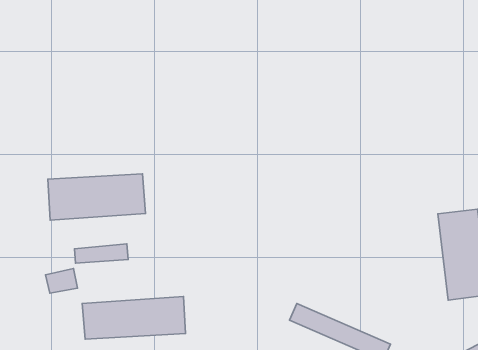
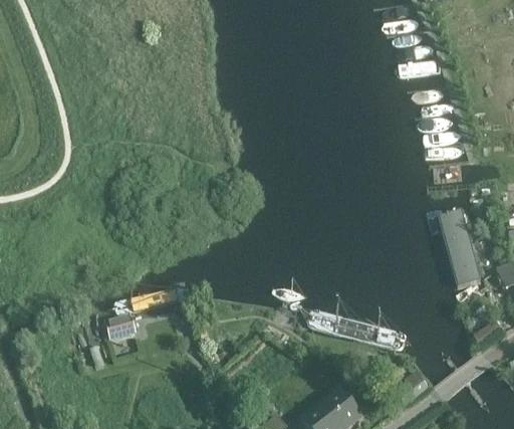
building: [48,174,145,220] -> none
building: [82,296,185,339] -> none

